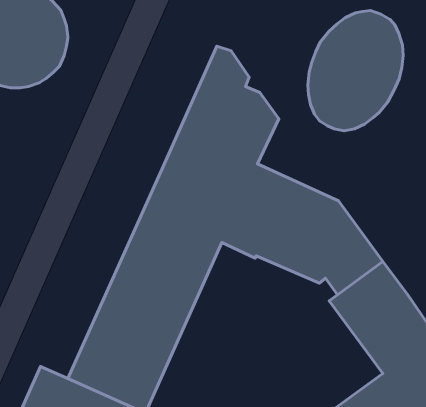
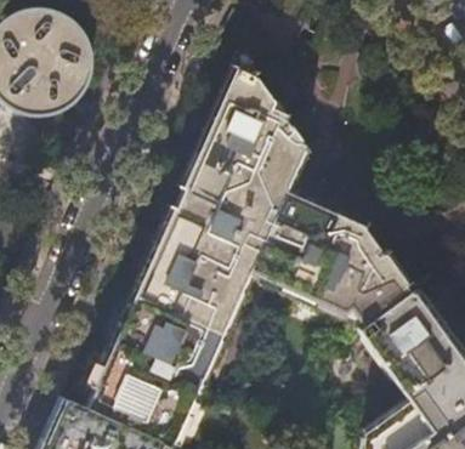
building: [308,11,403,131] -> none

